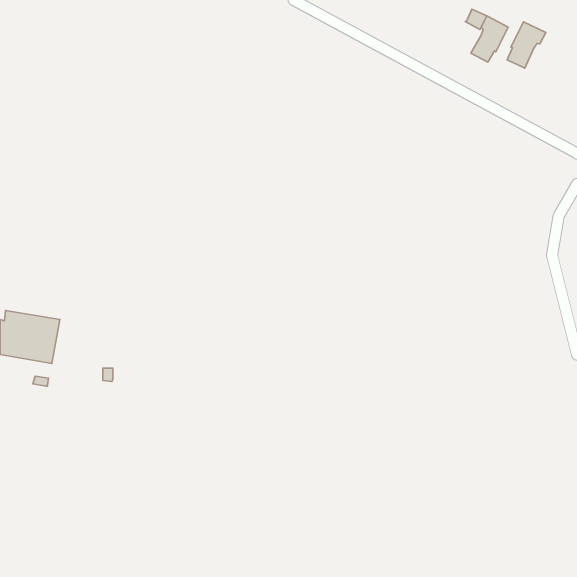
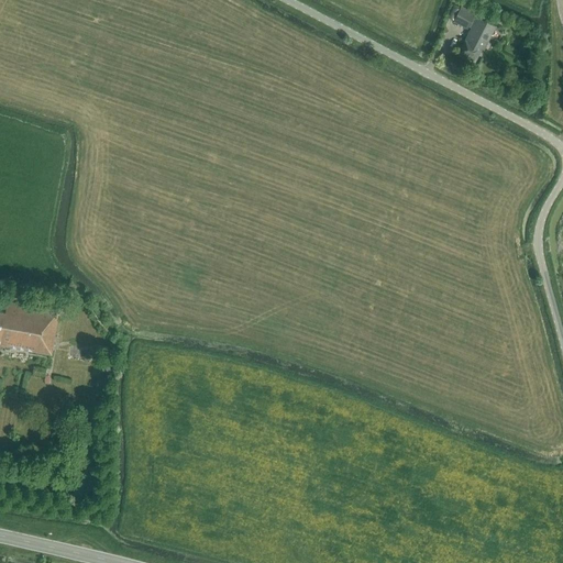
building: [507,22,546,68] -> none

